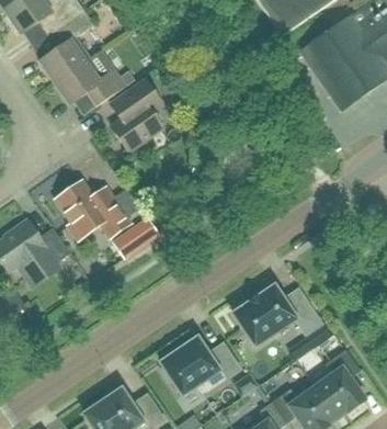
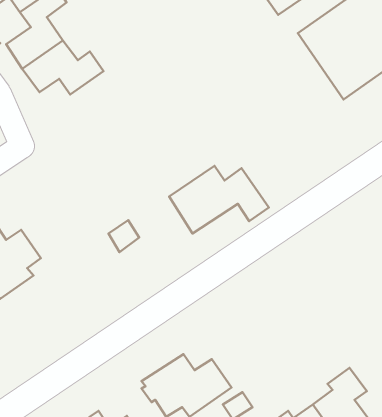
building: [111,79,162,151] -> none
building: [56,181,130,239] -> none
building: [234,285,322,346] -> [169,166,269,233]

